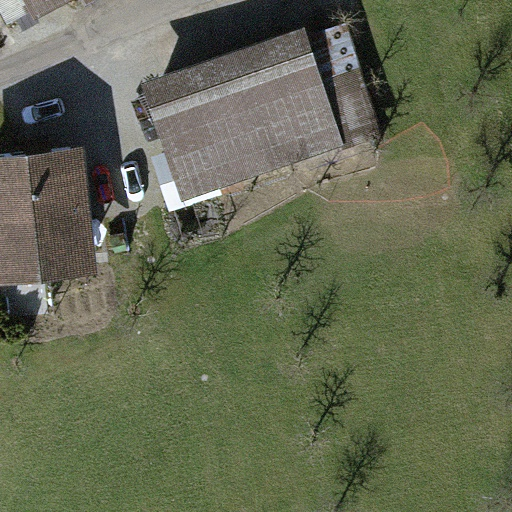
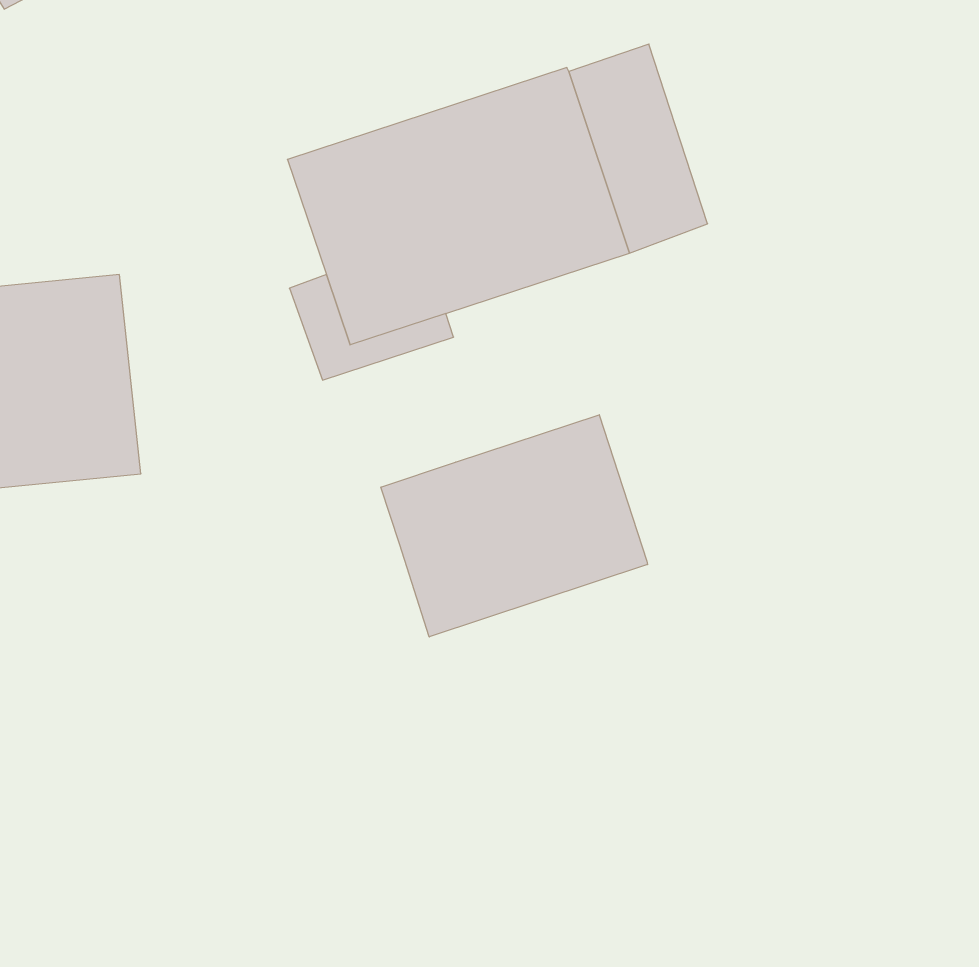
building: none -> [381,415,648,637]

